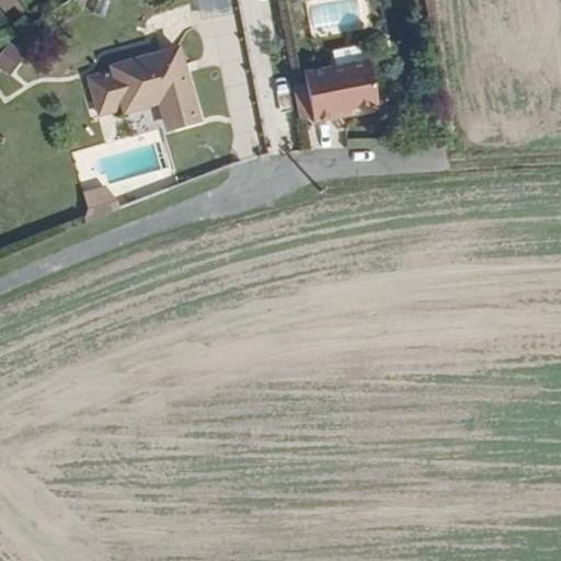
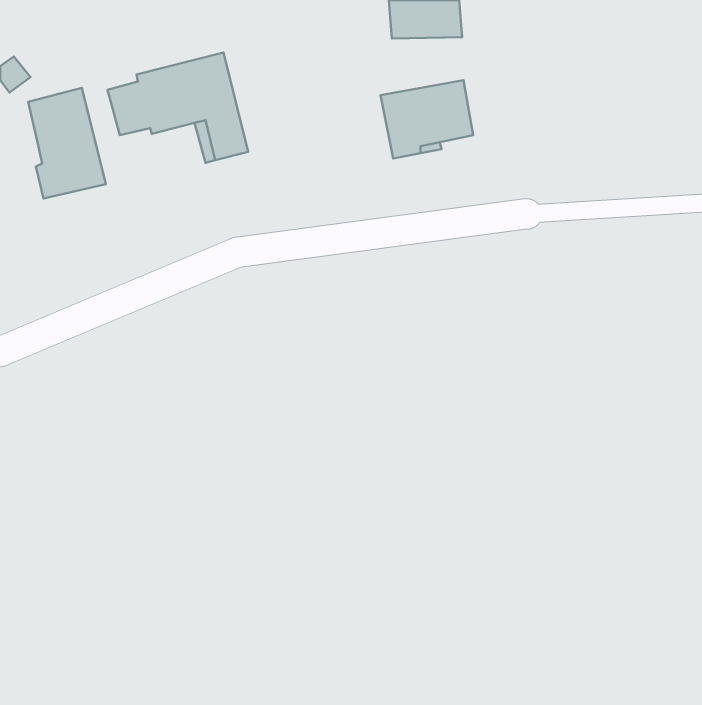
building: none -> [28,88,106,199]

